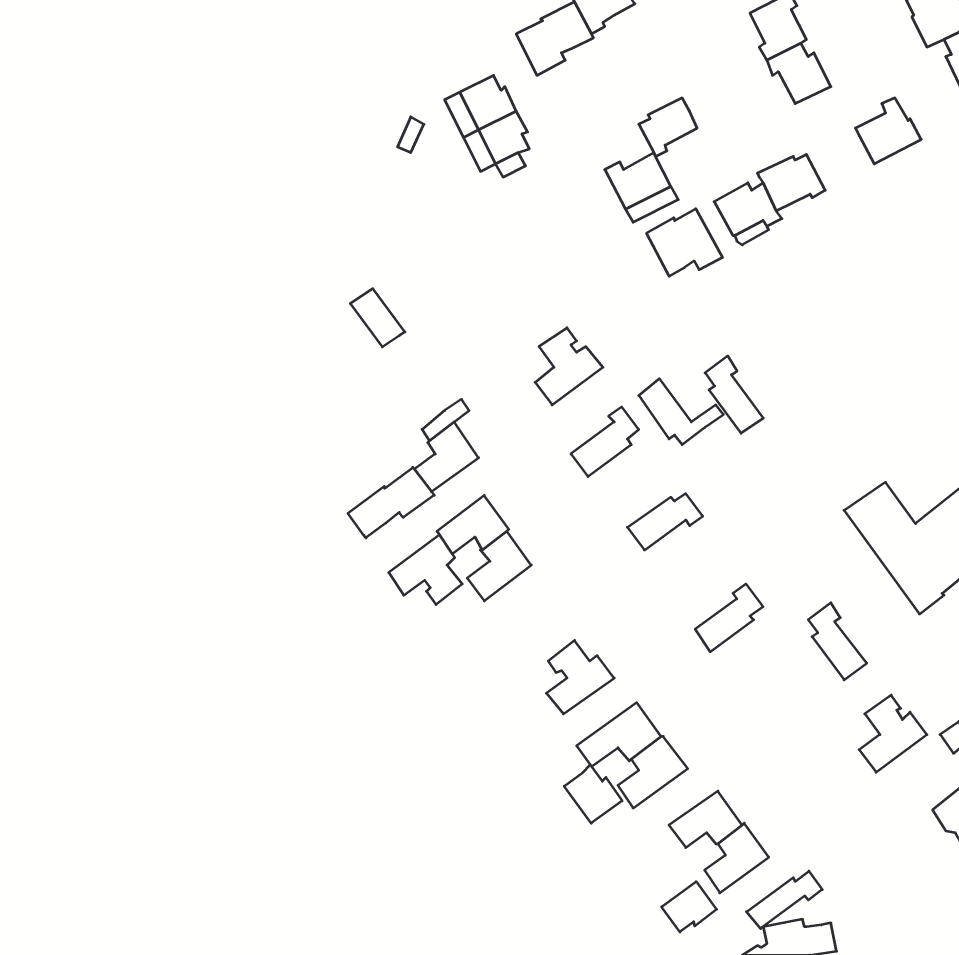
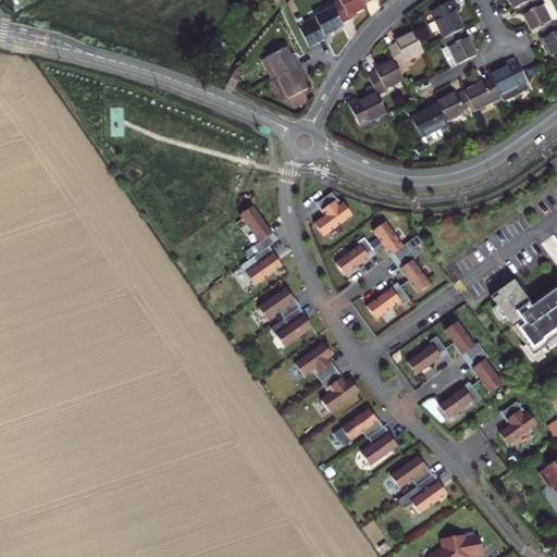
building: none -> [391,26,426,64]
building: none -> [468,78,509,110]
building: [647,209,722,276] -> none
building: [350,289,405,347] -> [240,203,272,237]
building: [705,356,763,433] -> [396,247,430,292]
building: [348,467,434,538] -> none
building: [389,535,462,605] -> [292,342,334,382]
building: none -> [444,320,482,358]
building: none -> [433,382,481,420]
building: [564,765,622,823] -> none
building: [746,871,822,929] -> none
building: [662,882,717,932] -> none

